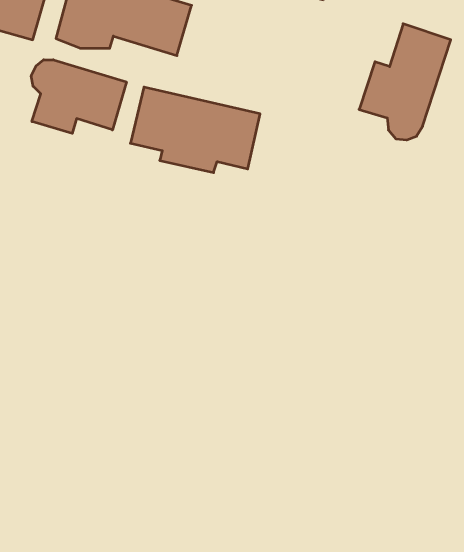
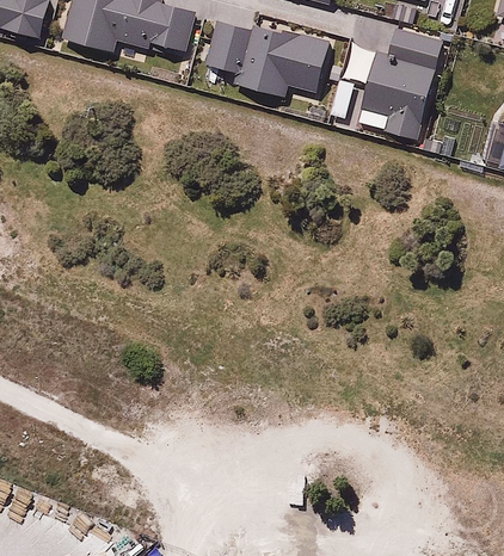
building: [31,60,126,133] -> none
building: [130,87,260,173] -> [204,14,331,98]

